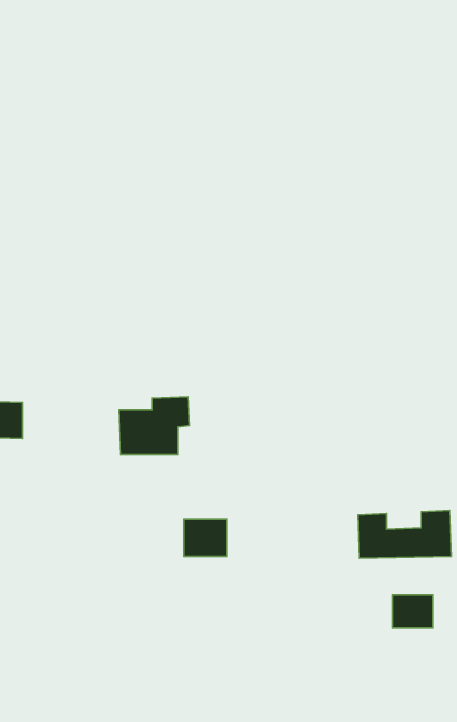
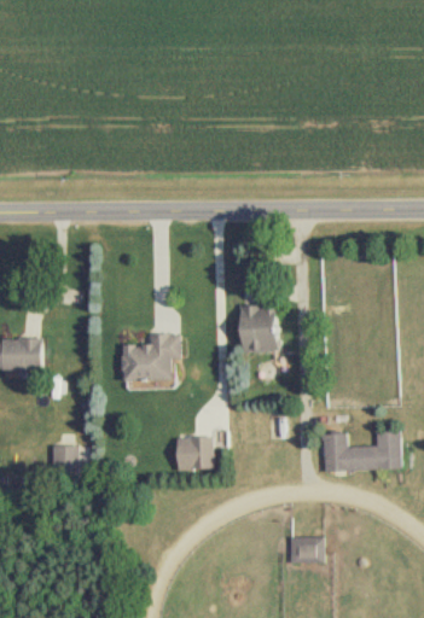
building: none -> [239,308,278,354]
building: none -> [57,447,85,476]
building: [392,595,433,628] -> [289,537,323,565]

